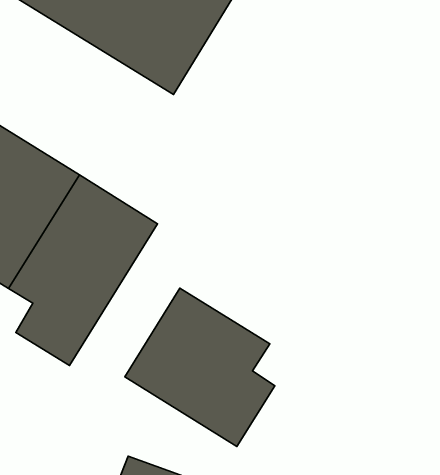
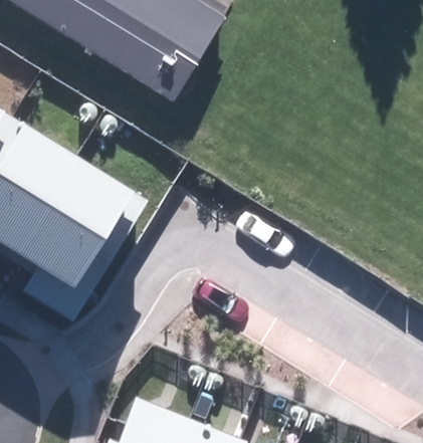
building: [125,288,275,447] -> none

